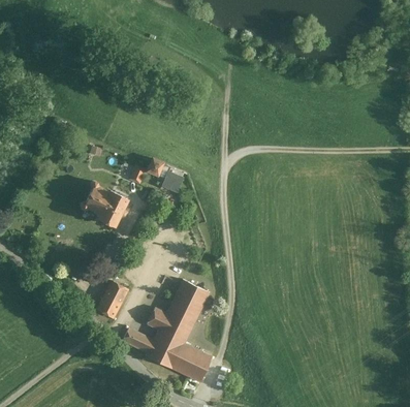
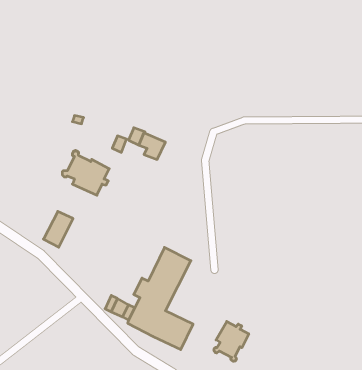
building: [97,281,127,317] -> [43,211,73,247]
building: none -> [214,321,249,361]

